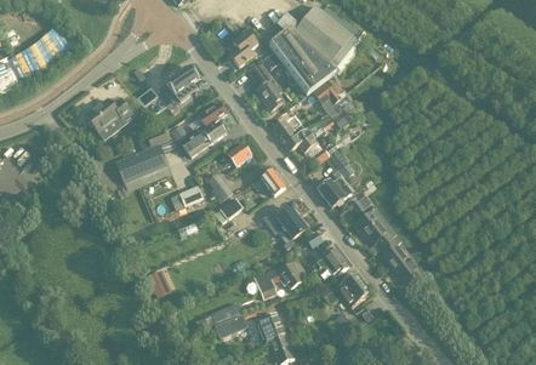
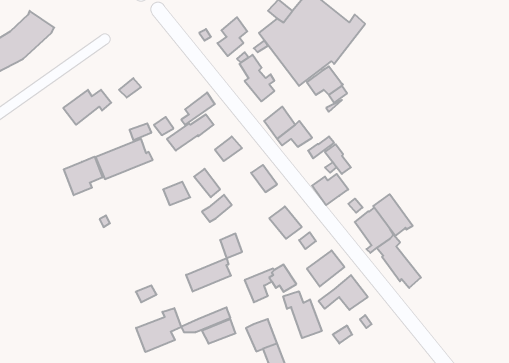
building: [164,64,198,102] -> none
building: none -> [64,157,102,195]
building: none -> [373,194,413,236]
building: none -> [186,258,231,292]
building: none -> [283,291,322,338]
building: none -> [136,308,181,352]

